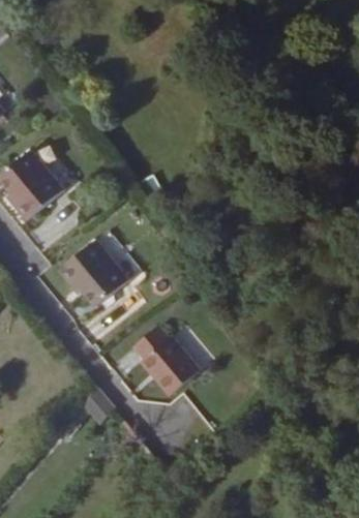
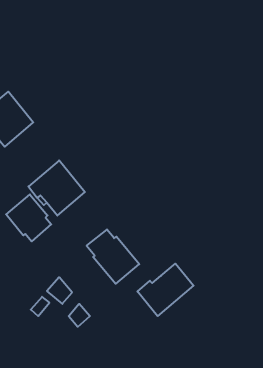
building: none -> [6,194,51,241]
building: none -> [137,264,194,316]

